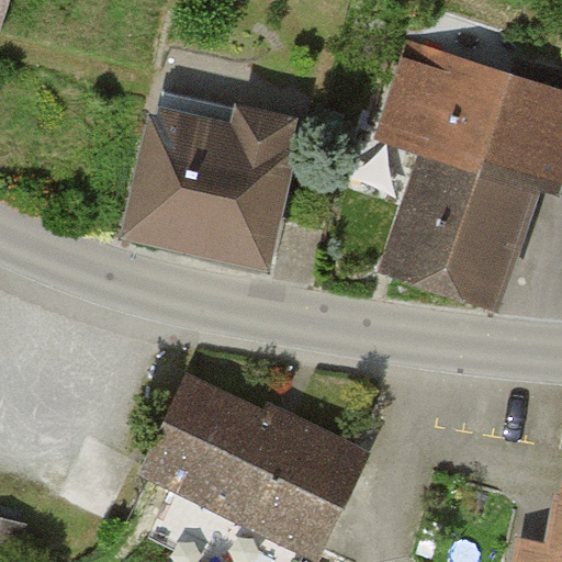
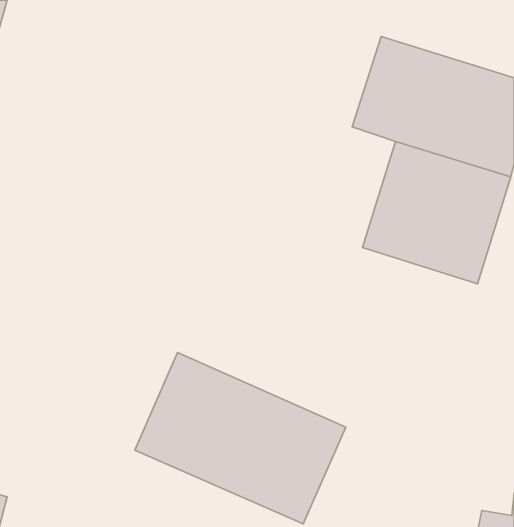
building: [128,94,307,263] -> none

